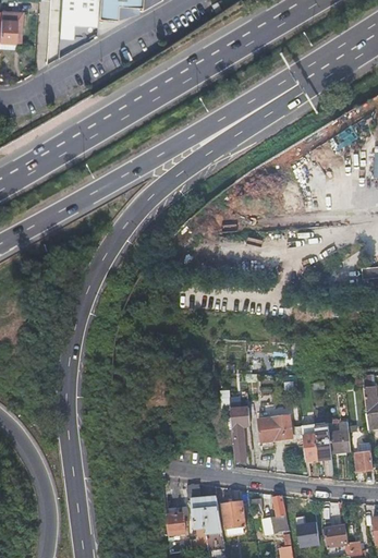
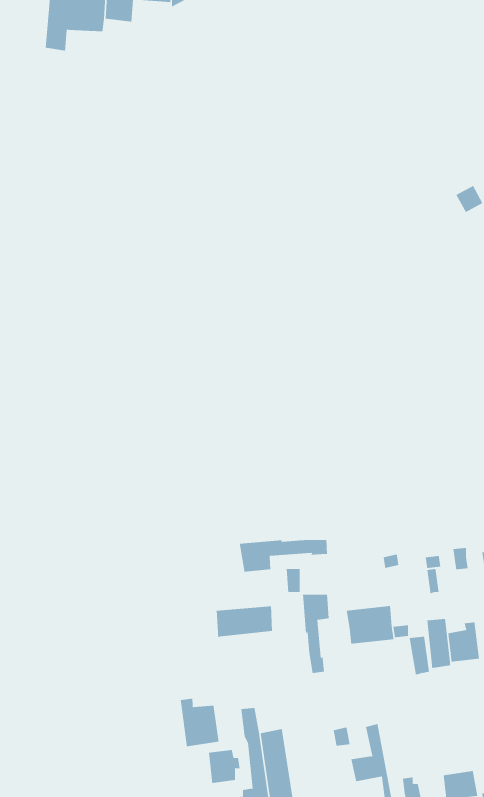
building: none -> [239,539,328,573]
building: none -> [216,606,273,638]
building: none -> [180,698,219,747]
building: [224,500,247,527] -> none

